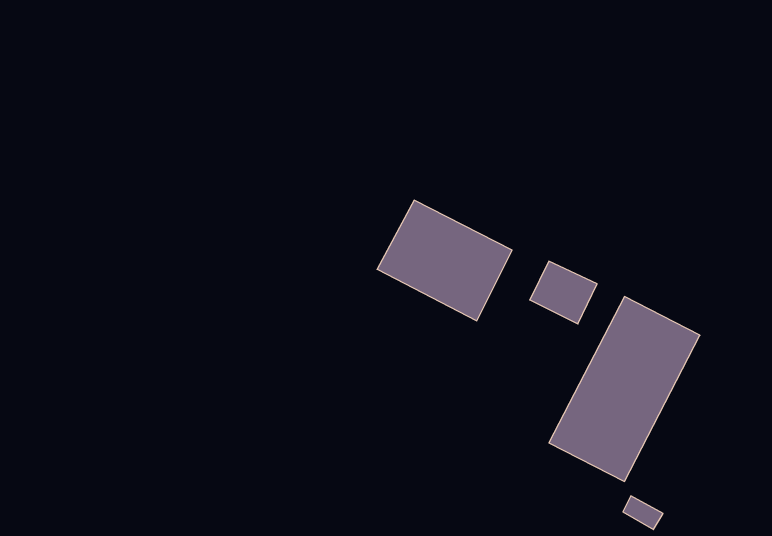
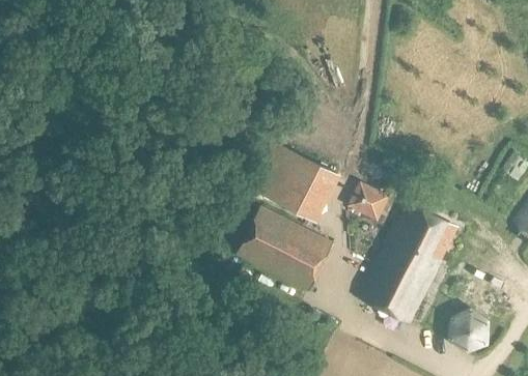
building: none -> [242,209,333,292]
building: none -> [450,306,490,344]

